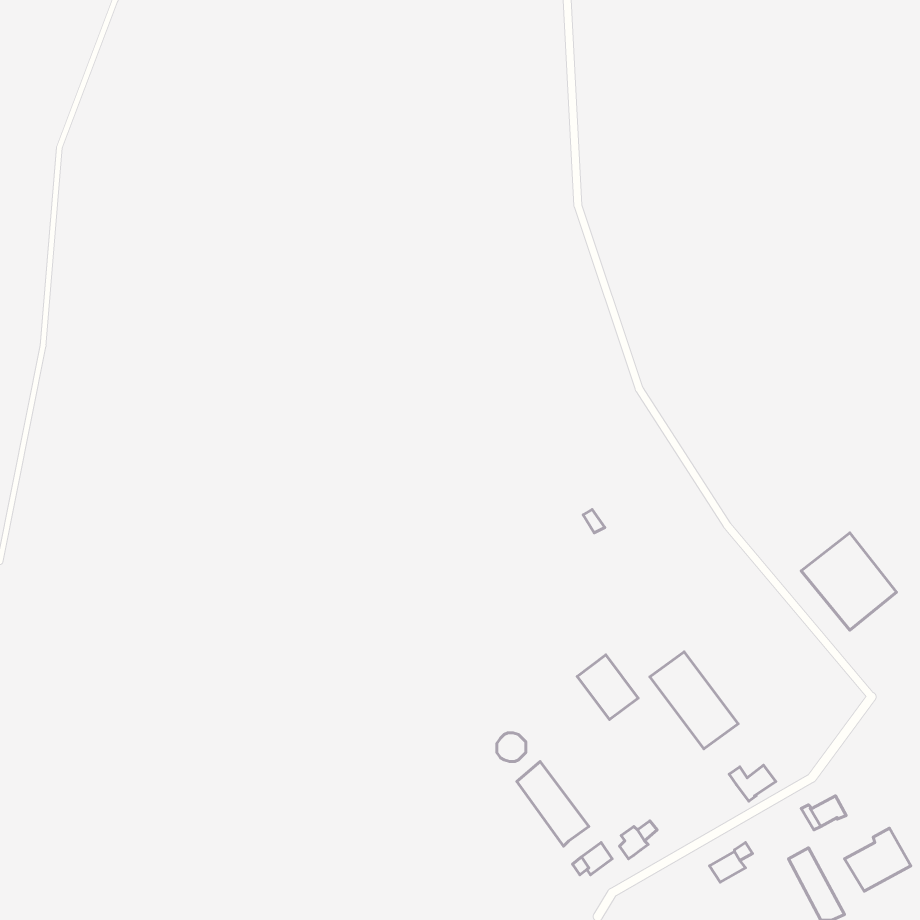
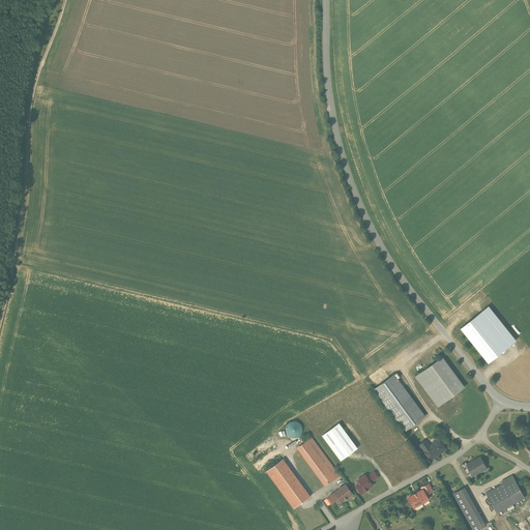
building: none -> [416,357,464,407]
building: [577,655,638,720] -> [322,423,357,461]
building: none -> [266,459,311,508]

